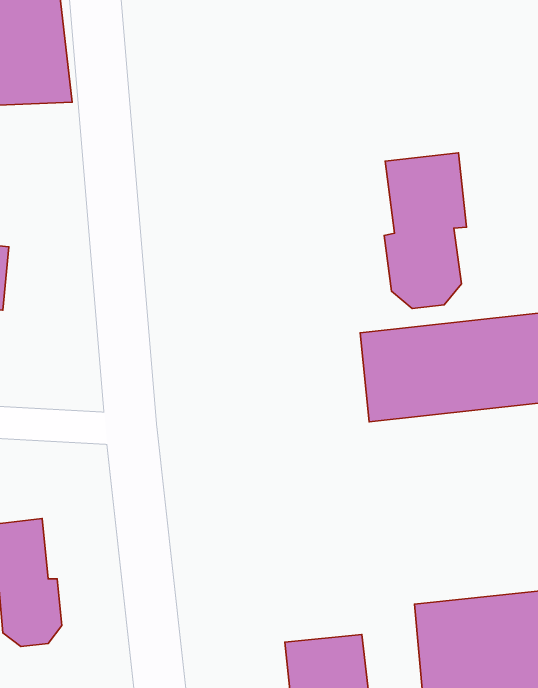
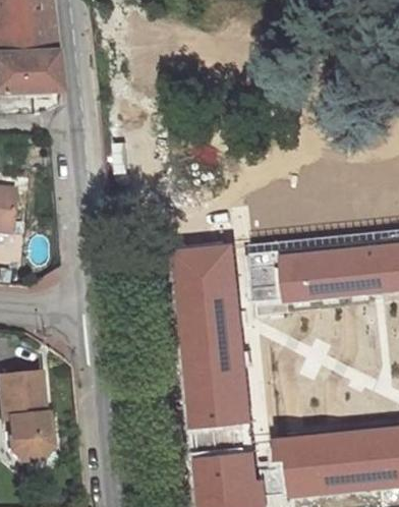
building: [384,153,466,309] -> none
building: none -> [175,239,251,428]

